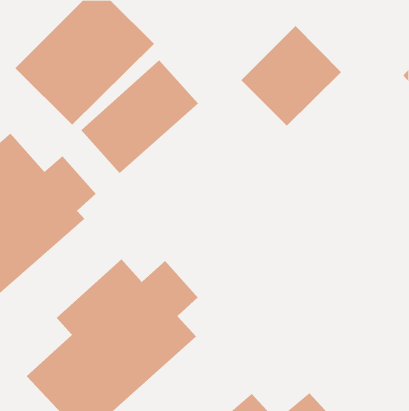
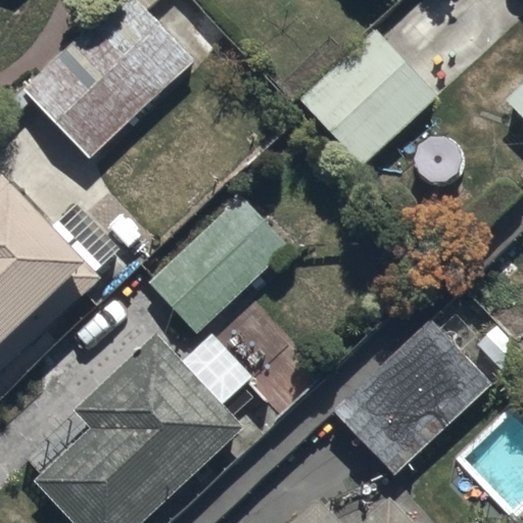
building: [81,60,199,174] -> [144,191,293,335]
building: none -> [334,326,486,477]

